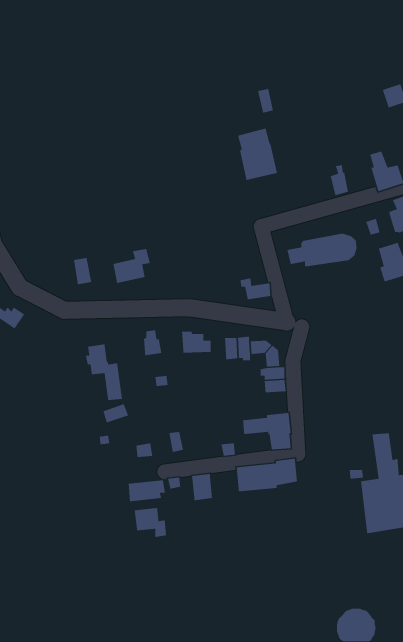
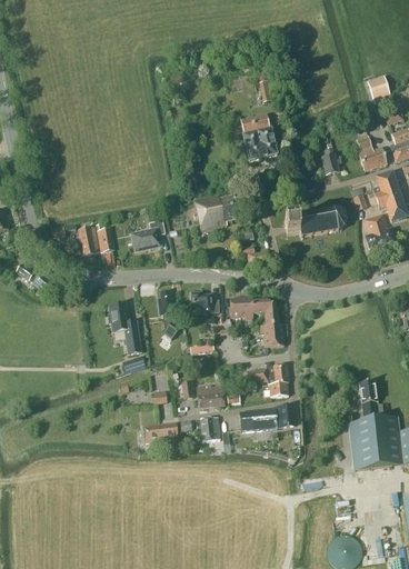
building: none -> [193,193,238,230]
building: none -> [78,226,99,256]
building: none -> [196,386,225,408]
building: [134,507,167,538] -> none

